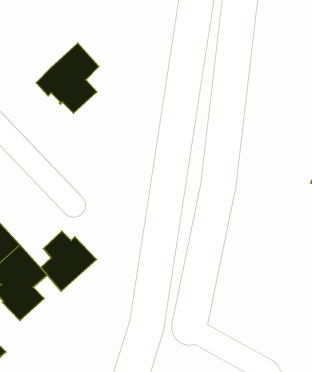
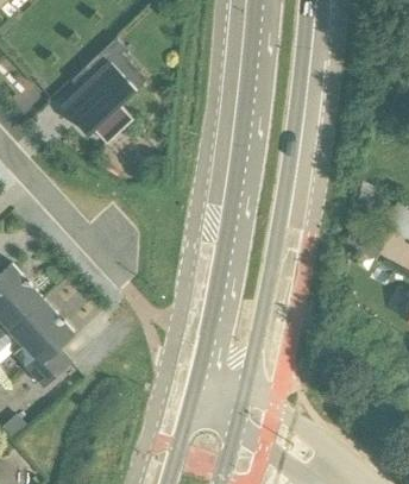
building: none -> [69,38,145,90]
building: [41,231,96,291] -> none

